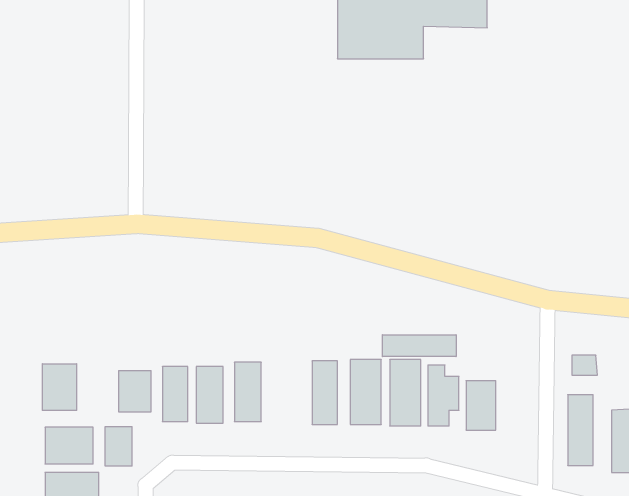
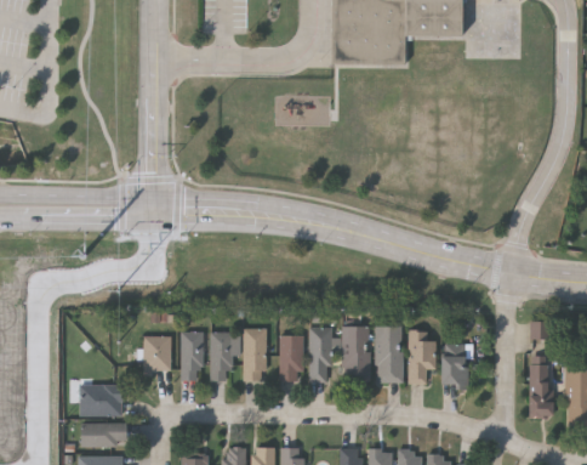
building: [382,335,456,357] -> none
building: [42,364,77,410] -> none
building: none -> [279,335,303,380]
building: [105,427,132,466] -> none

